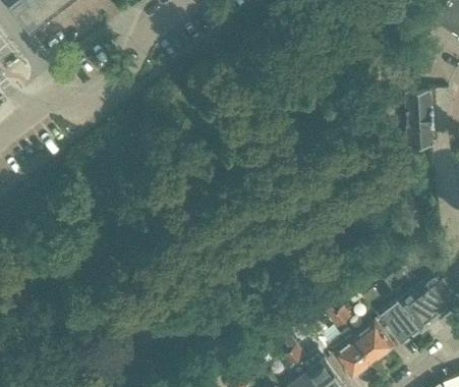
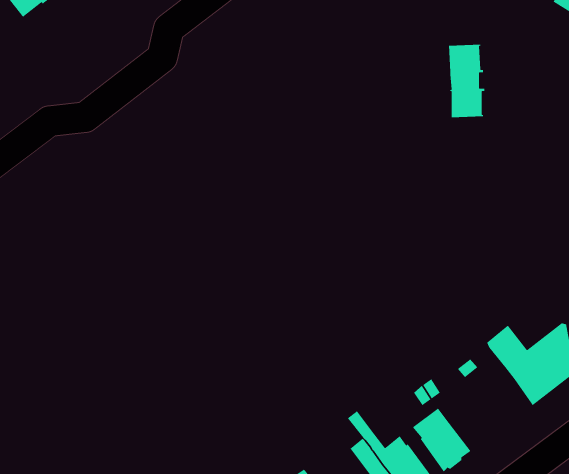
building: [405,93,434,150] -> [448,44,485,118]
building: [379,299,419,343] -> none
building: [353,322,393,364] -> none

